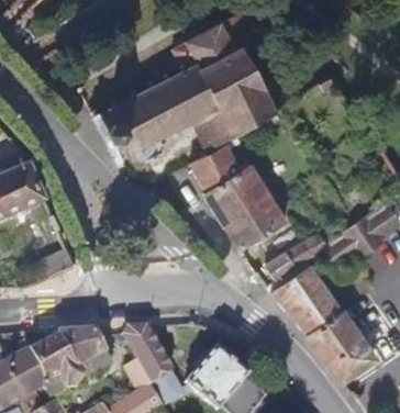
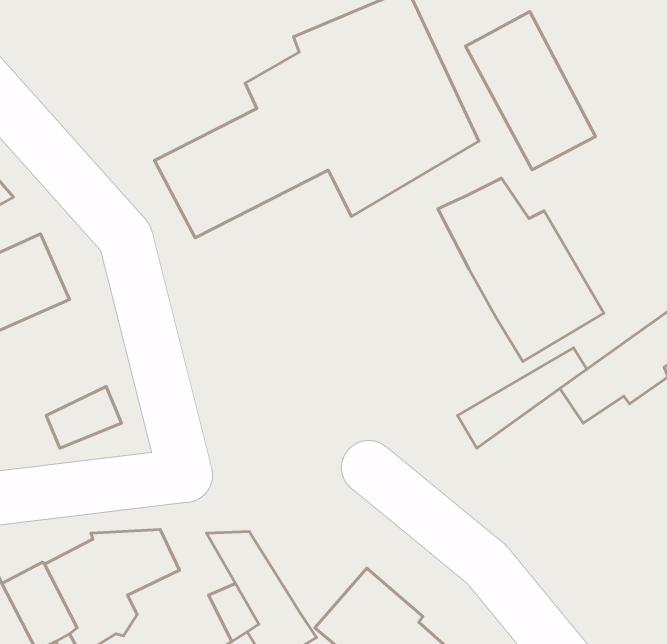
building: none -> [465,12,595,170]
building: [190,145,285,249] -> [438,178,604,362]
building: [270,266,376,382] -> none

